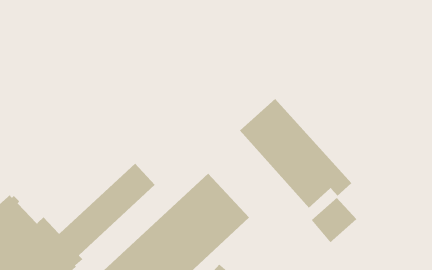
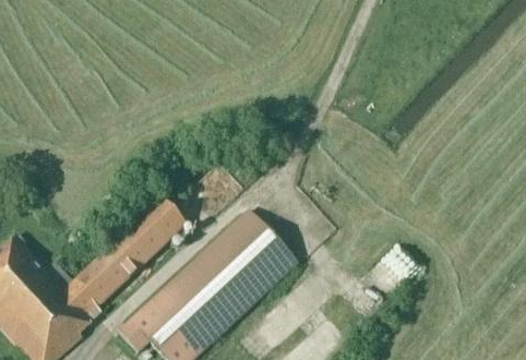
building: [239,98,352,208] -> none

